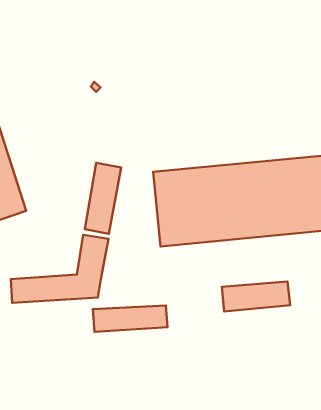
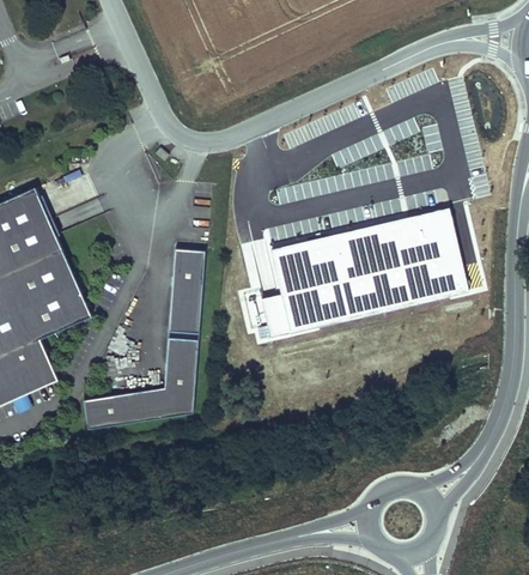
building: [222,282,290,312] -> none
building: [93,306,167,332] -> none

